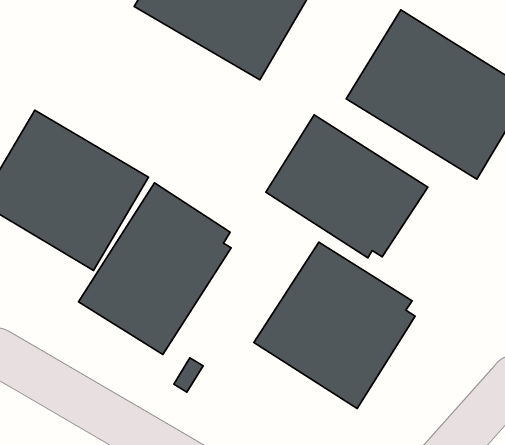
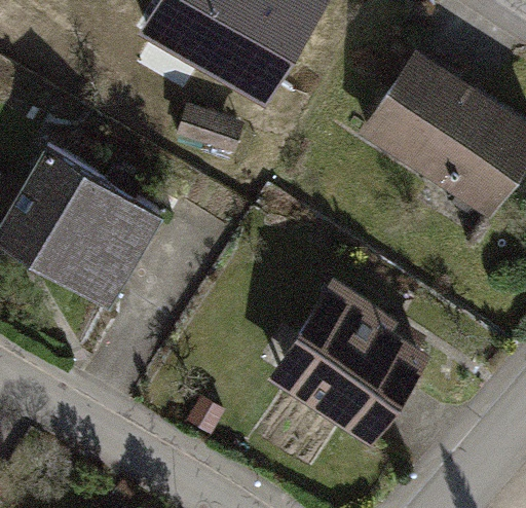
building: [266,115,428,258] -> none
building: [79,183,231,355] -> none

